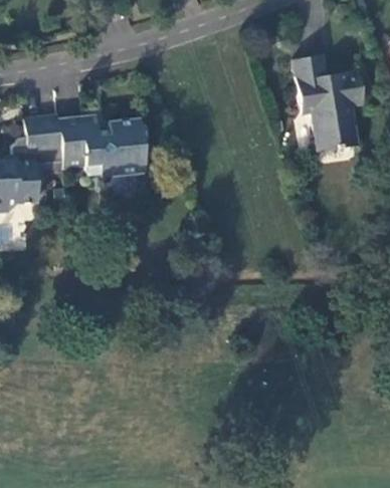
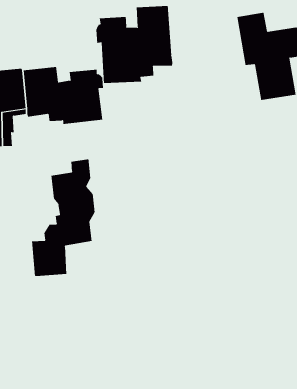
building: none -> [96,5,173,84]
building: none -> [32,159,95,277]

